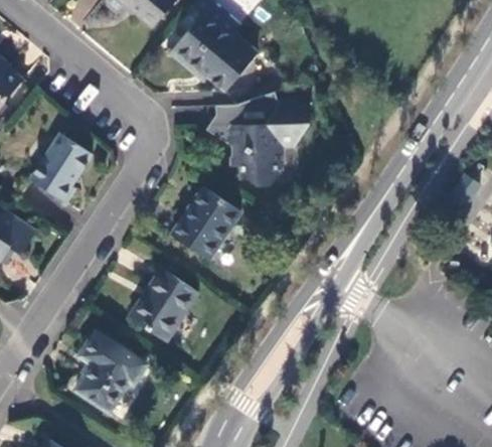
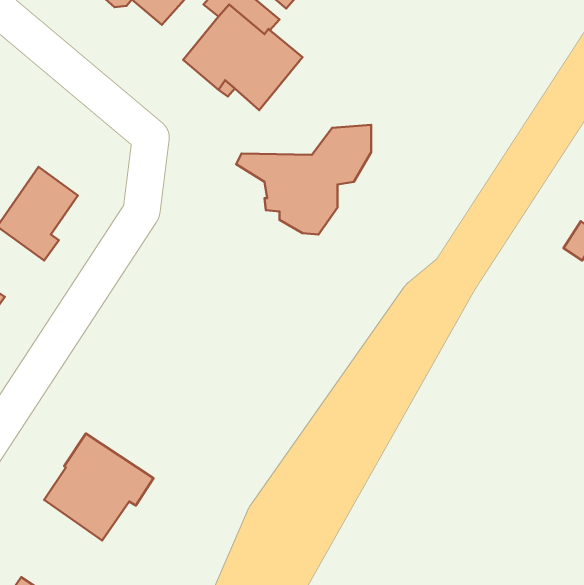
building: [204,93,280,132] -> none
building: [172,187,241,259] -> none
building: [129,268,199,342] -> none

